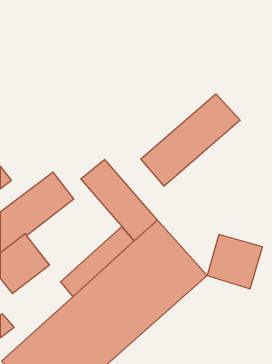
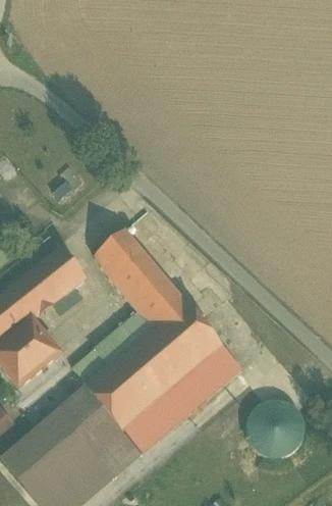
building: [141,94,240,186] -> none
building: [207,234,263,289] -> [242,399,306,461]

